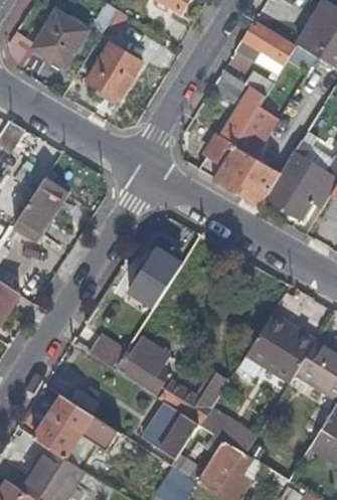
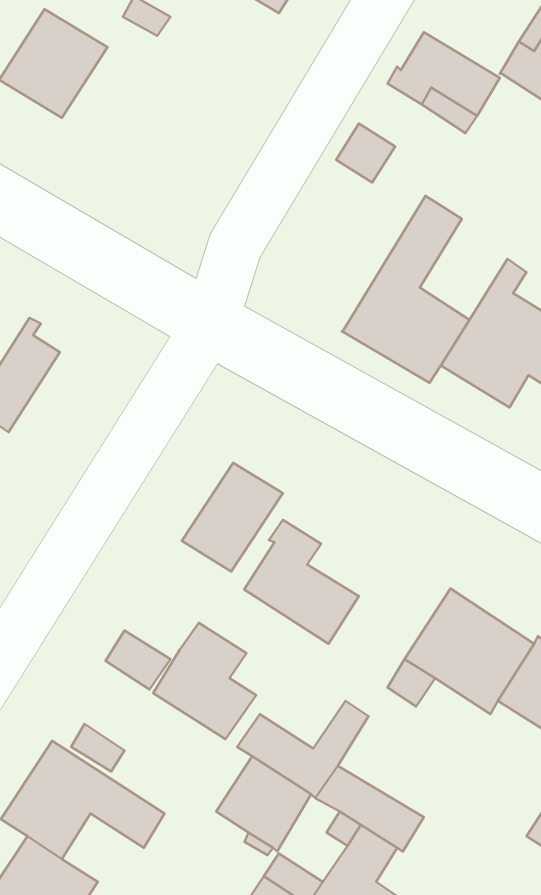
building: [87,42,143,100] -> none
building: [200,70,274,178] -> none
building: none -> [244,520,359,644]

